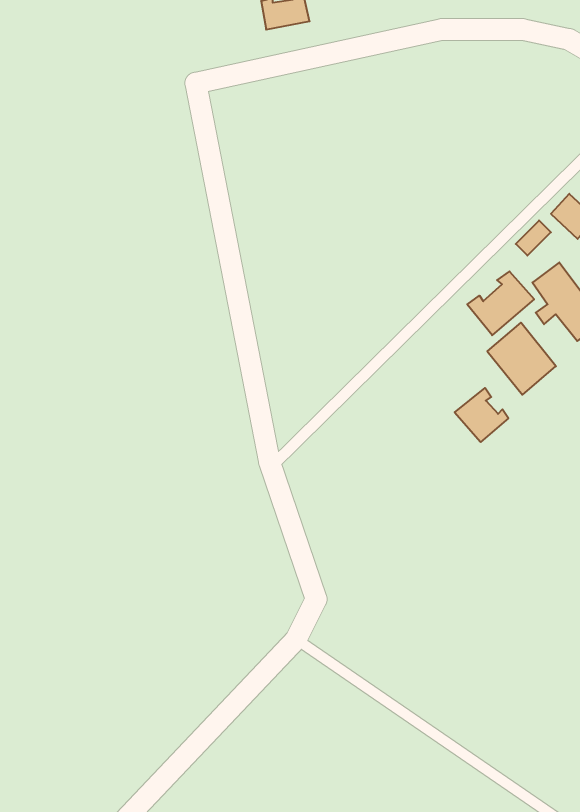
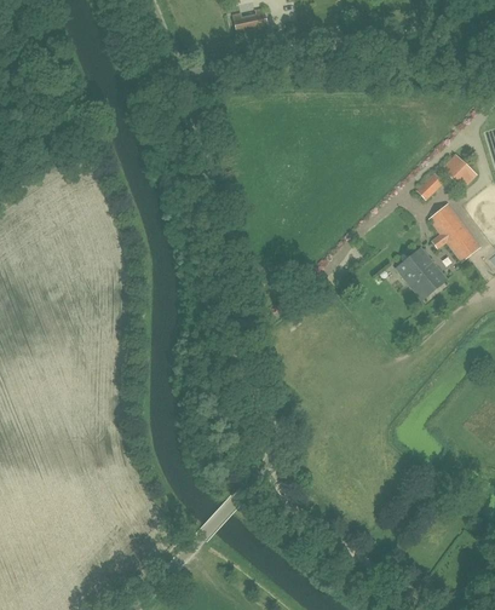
building: [467,271,534,335] -> none
building: [455,388,508,442] -> none

